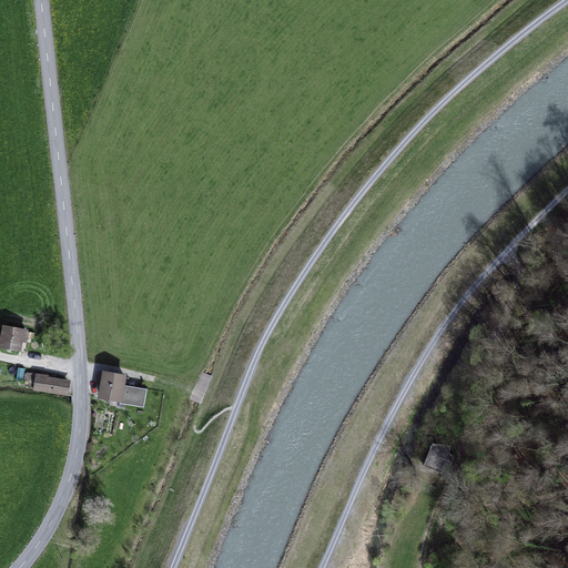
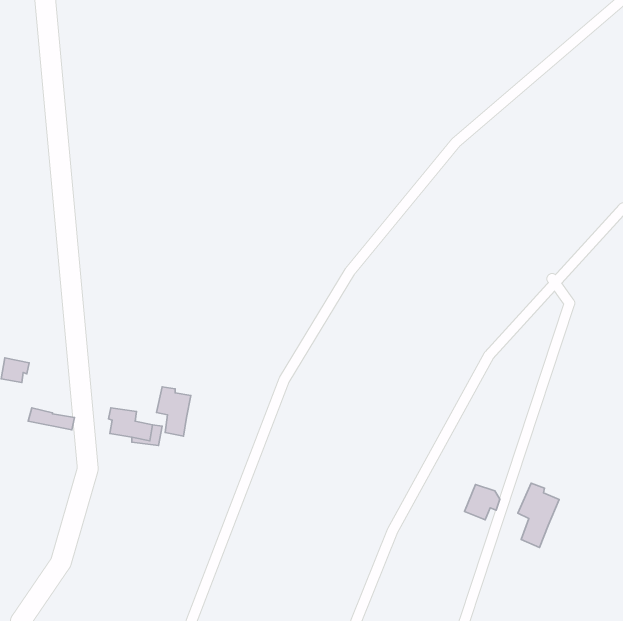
building: none -> [156,387,191,436]
building: none -> [518,483,559,548]

